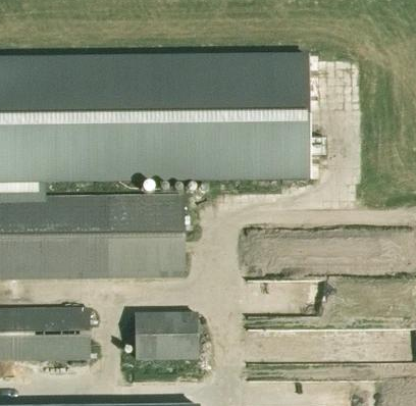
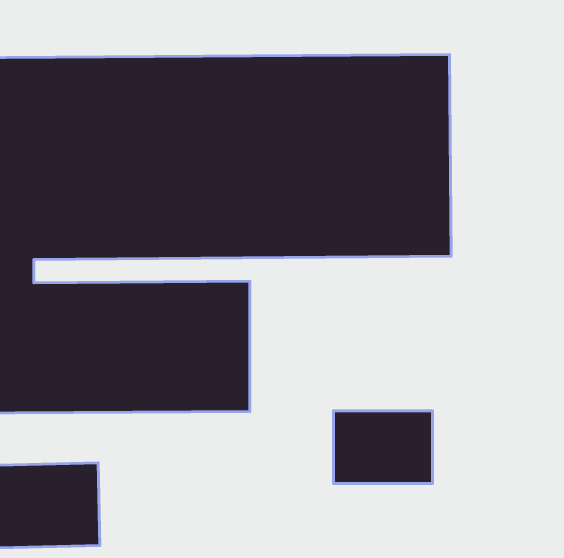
building: [137,311,198,356] -> [333,411,432,484]

